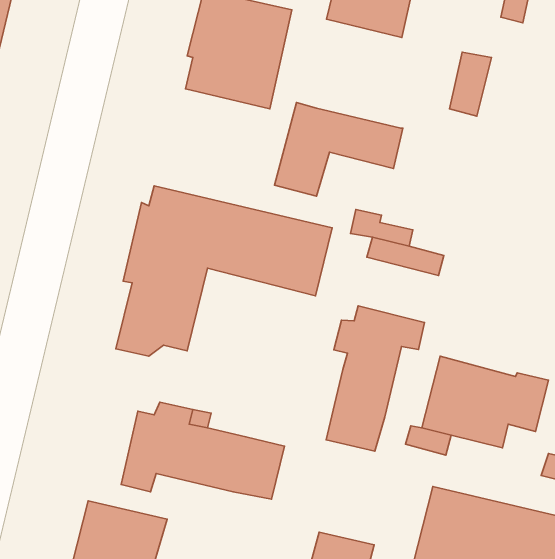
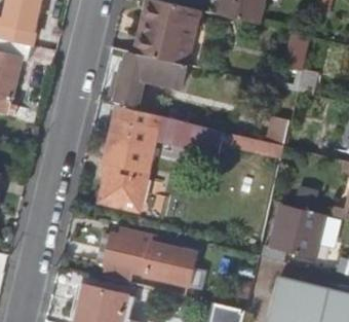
building: [274,103,403,196] -> [115,50,187,103]
building: [326,306,425,451] -> none

